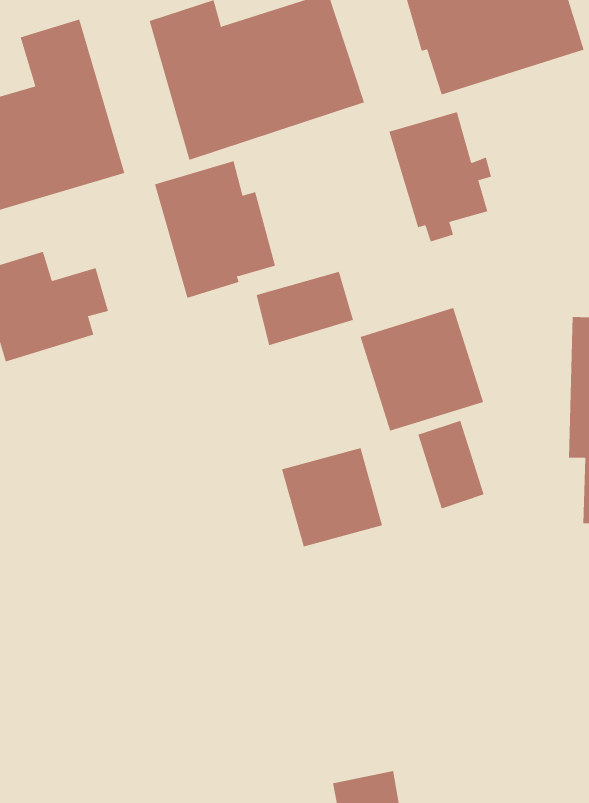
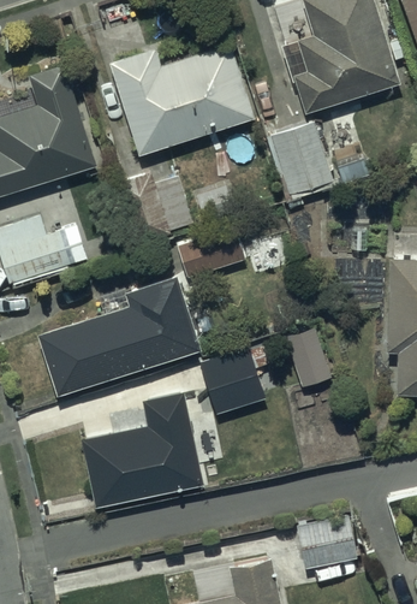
building: [360,307,484,432] -> none
building: none -> [37,277,201,395]
building: none -> [81,393,204,509]
building: none -> [296,515,358,570]

